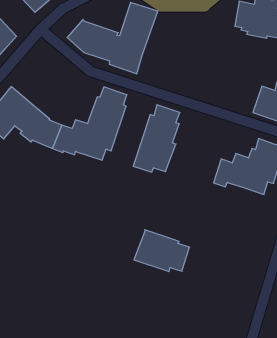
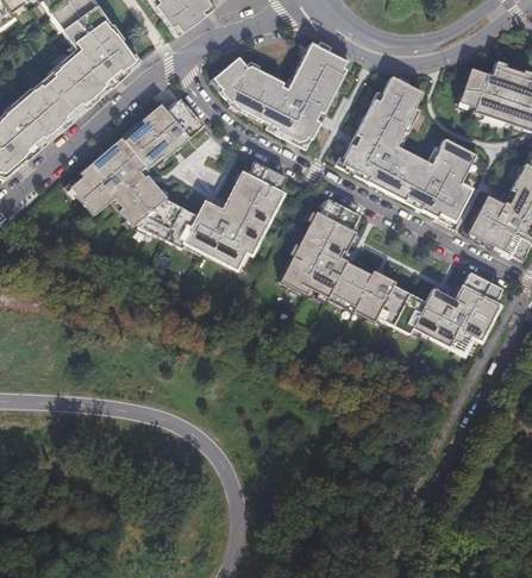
building: none -> [336,82,475,224]
building: none -> [119,96,205,171]
building: [134,230,190,272] -> [326,256,411,325]

